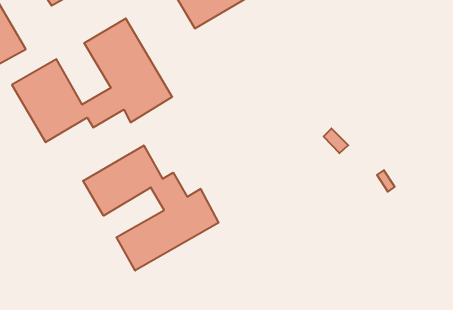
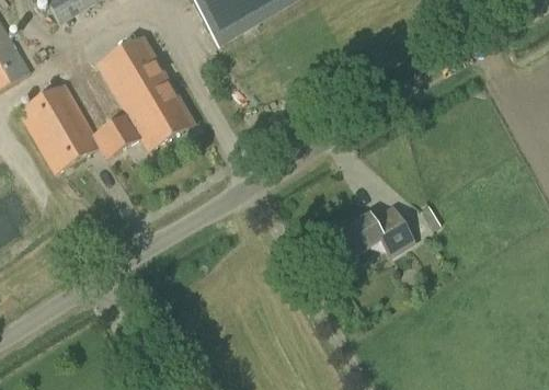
building: [83,145,219,271] -> none
building: none -> [322,205,413,263]

